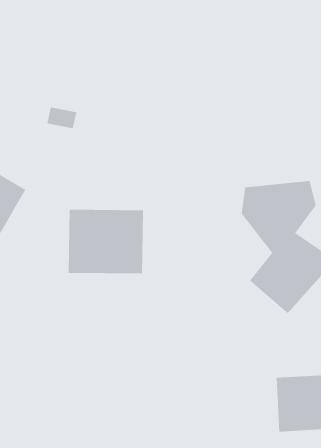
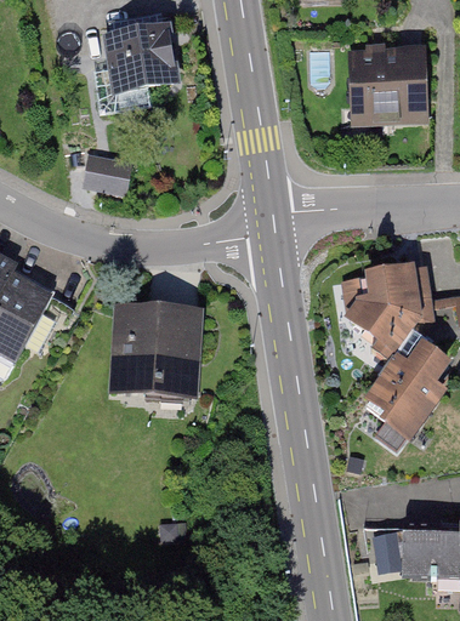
building: none -> [109,36,174,96]
building: none -> [348,52,430,131]

